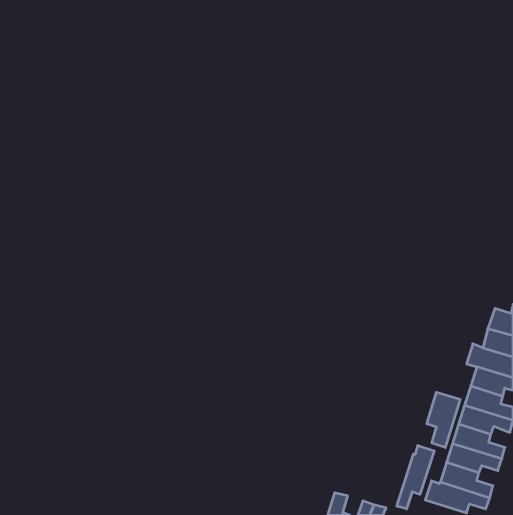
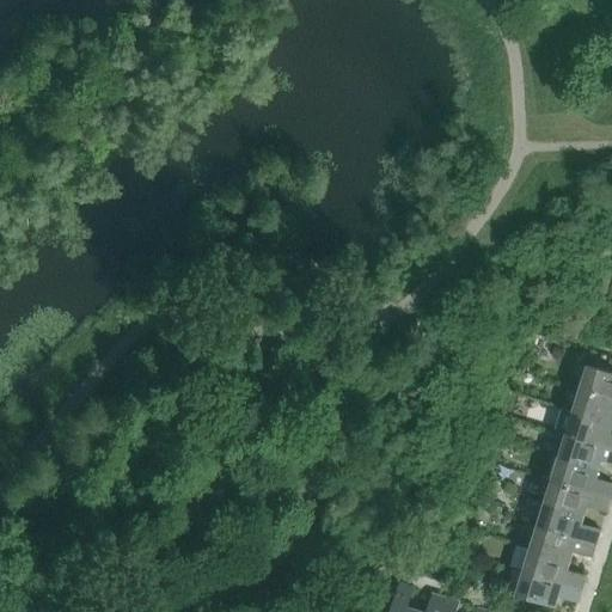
building: [427,392,460,448] -> none
building: [397,445,434,509] -> none

